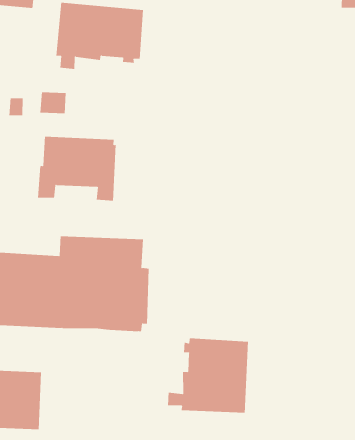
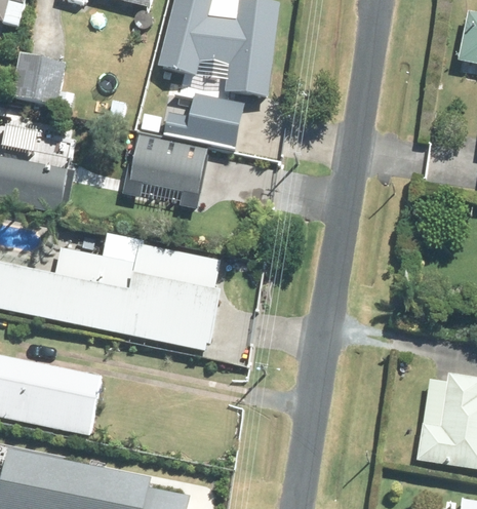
building: none -> [166,96,265,142]
building: [168,338,248,414] -> none

